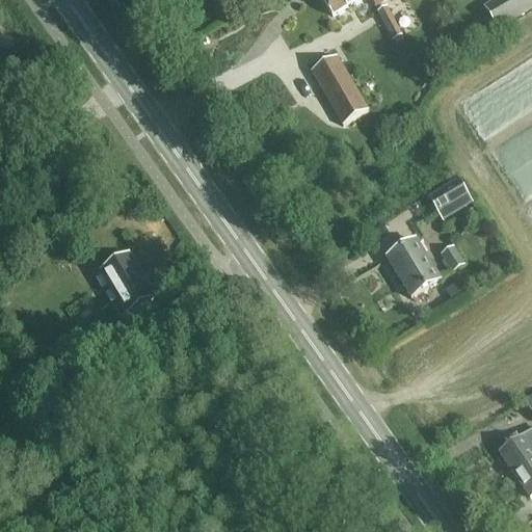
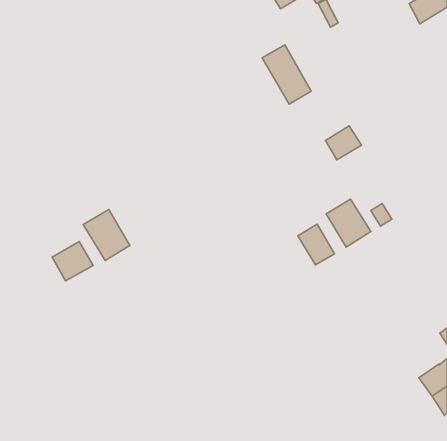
building: [429,175,472,215] -> [326,126,361,160]
building: none -> [298,224,335,265]
building: none -> [52,241,93,281]

